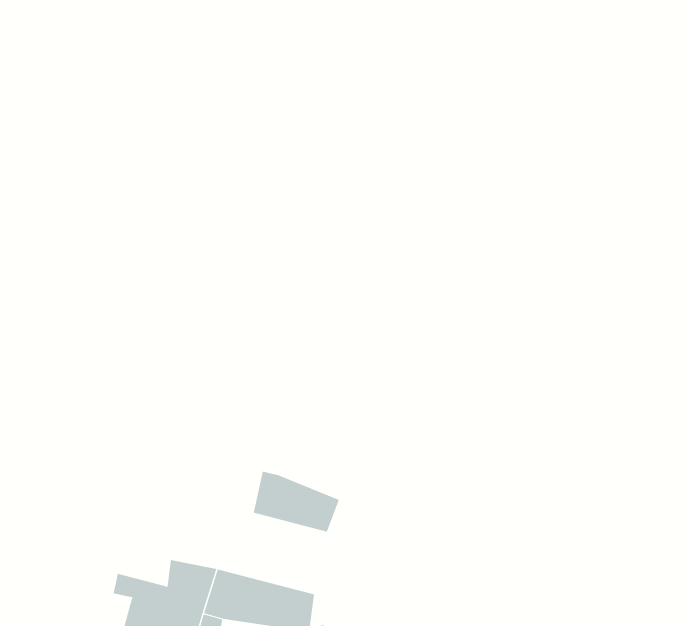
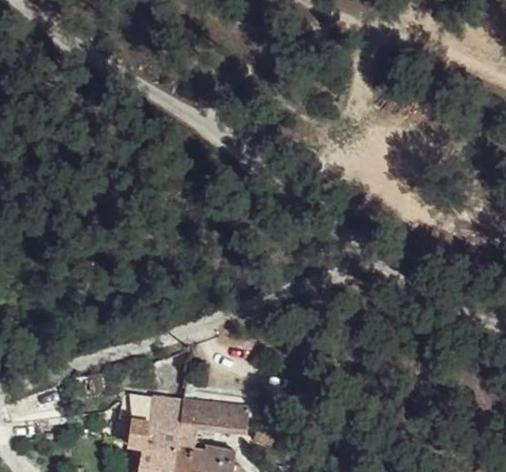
building: [253,471,339,532] -> none

